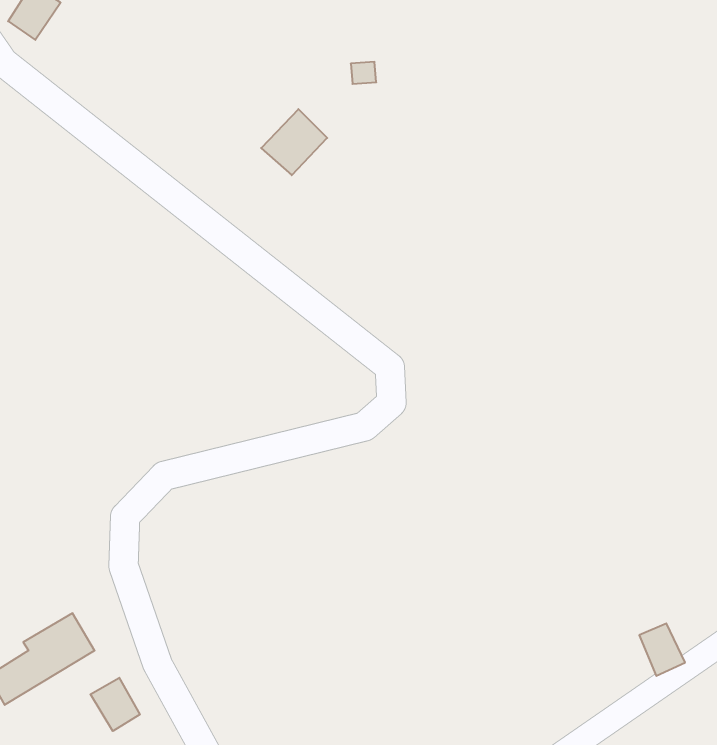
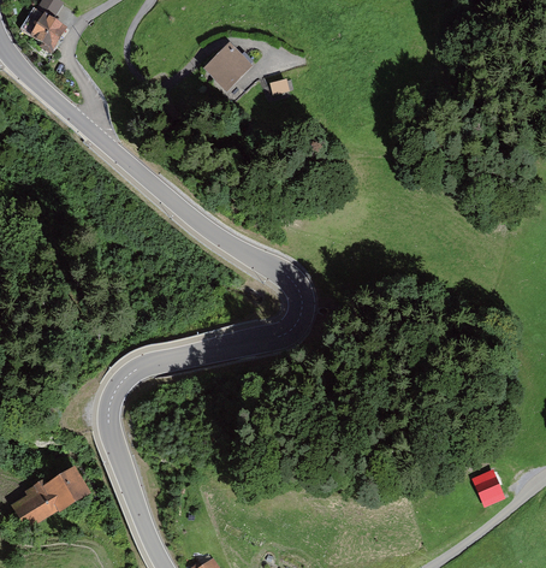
building: [261,109,327,175] -> [204,46,251,93]
building: [90,678,140,731] -> none

